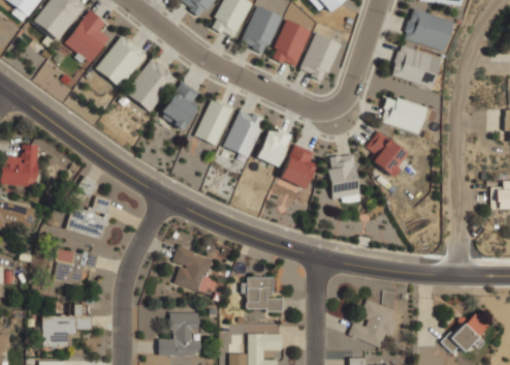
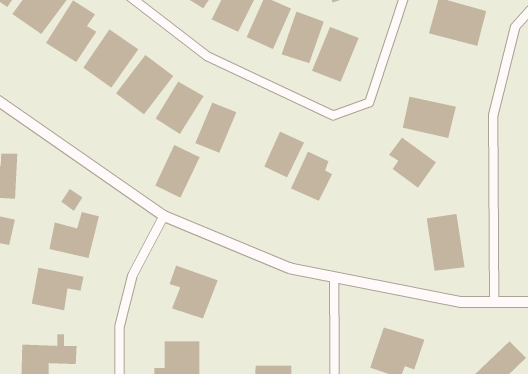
building: [390,44,442,88] -> none
building: [224,109,265,157] -> [154,144,201,199]
building: [328,152,363,204] -> [426,213,465,271]
building: [242,276,283,311] -> none

